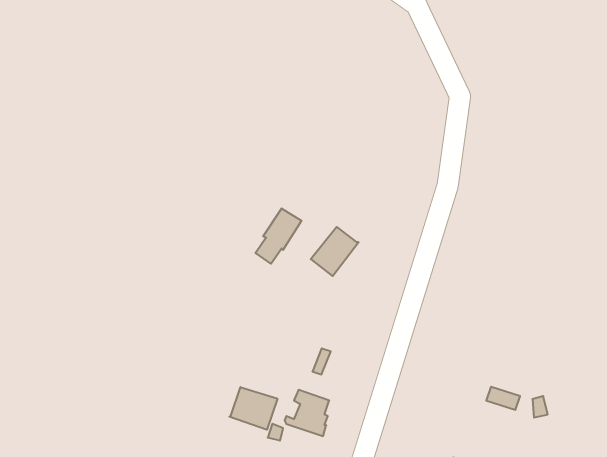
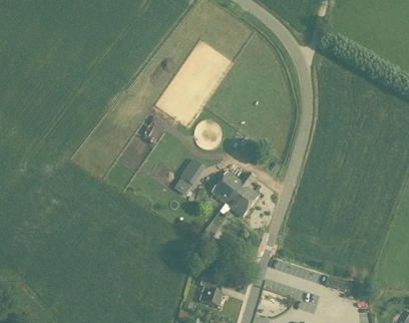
building: none -> [219,171,259,217]
building: [229,387,277,430] -> none

